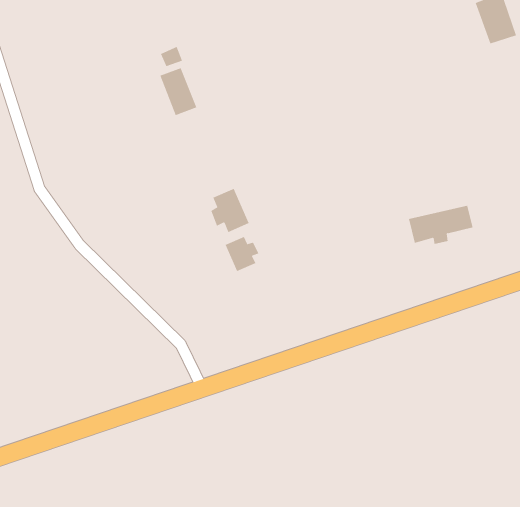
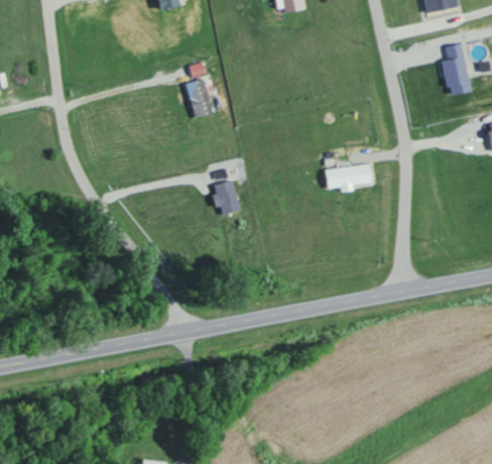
building: [408,205,474,245] -> [324,164,374,192]
building: [225,236,259,272] -> none

